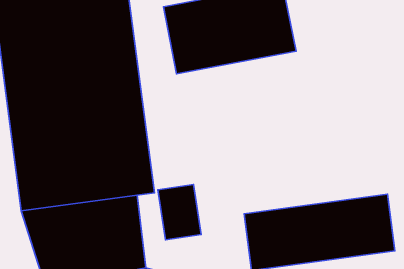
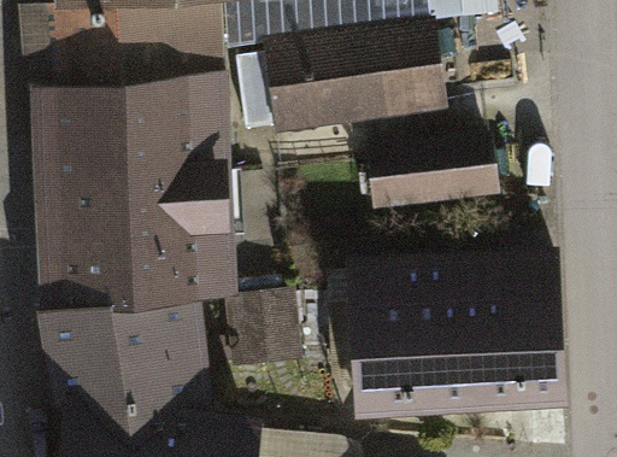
building: none -> [365,128,496,200]
building: none -> [351,247,563,336]

